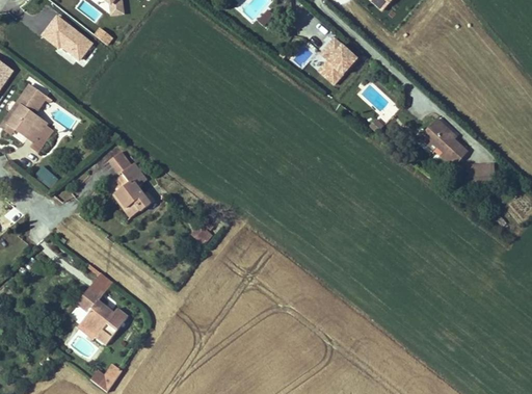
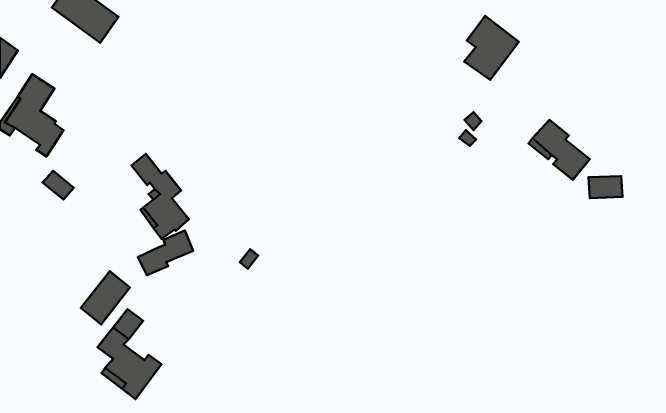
building: [316,32,360,83] -> [464,16,519,80]
building: none -> [138,231,193,275]
building: none -> [81,271,130,324]

